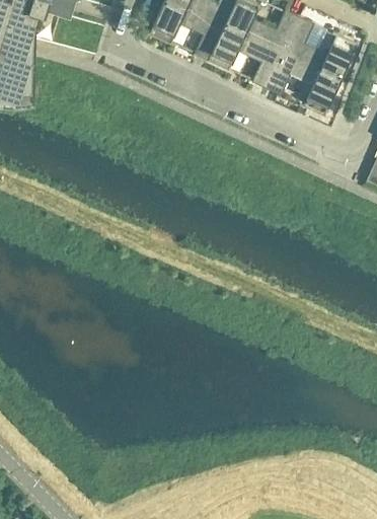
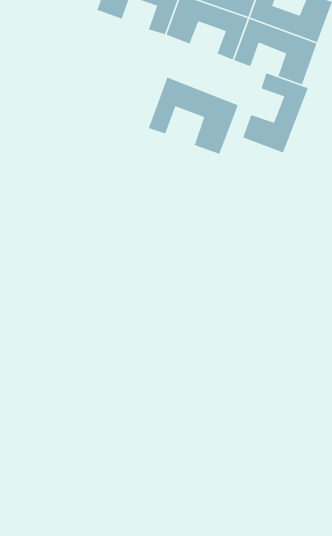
building: none -> [148,76,239,155]
building: none -> [242,72,309,154]

